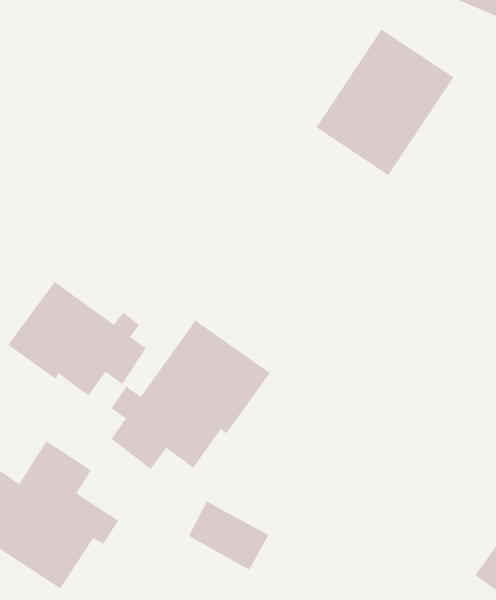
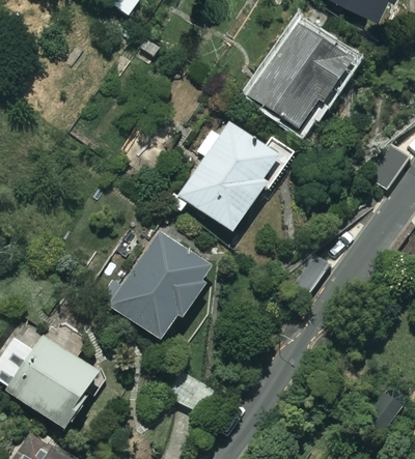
building: none -> [177,119,294,231]
building: [7,281,147,397] -> none

